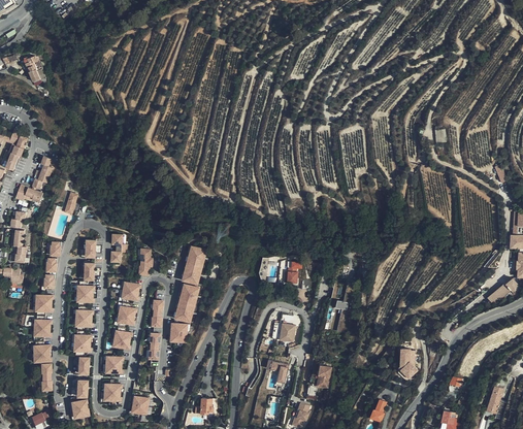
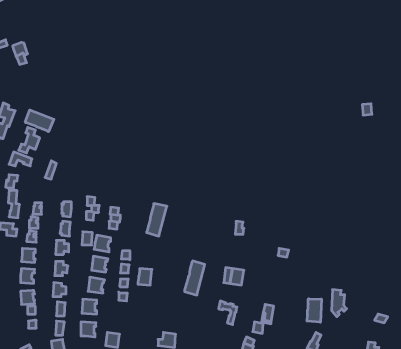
building: none -> [25,110,54,132]
building: [175,282,199,322] -> [185,261,205,295]
building: none -> [307,299,321,322]

